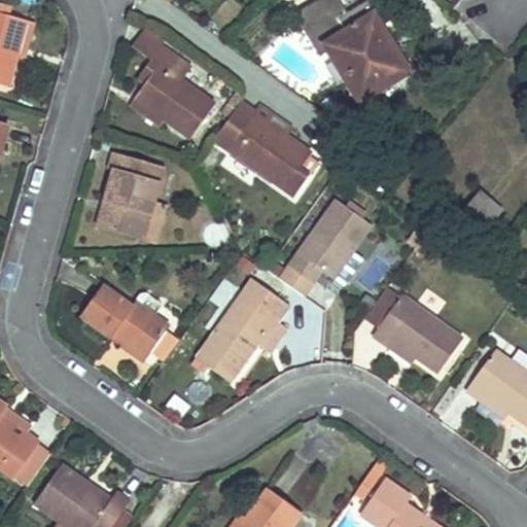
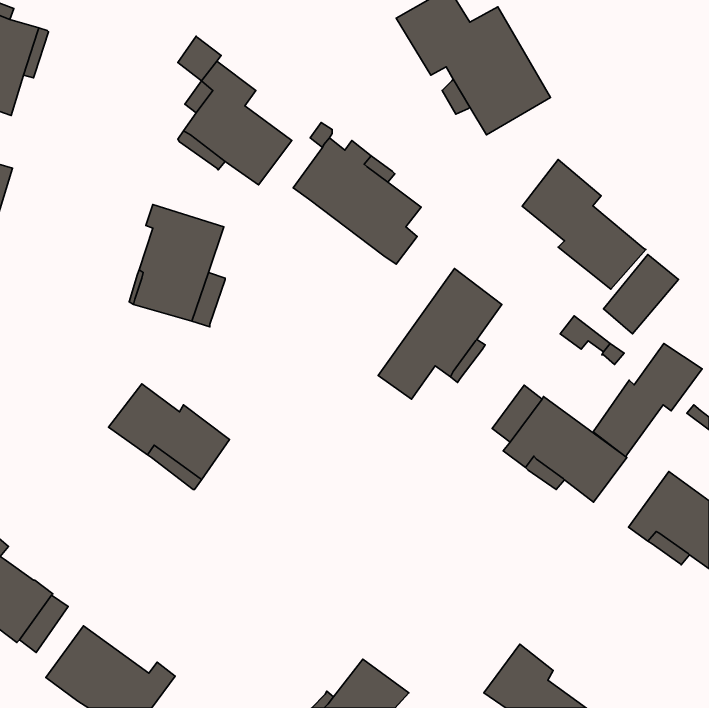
building: none -> [522,160,646,289]
building: none -> [593,343,702,457]
building: [196,277,292,382] -> none

